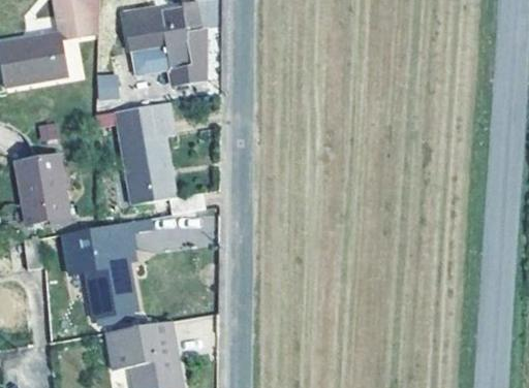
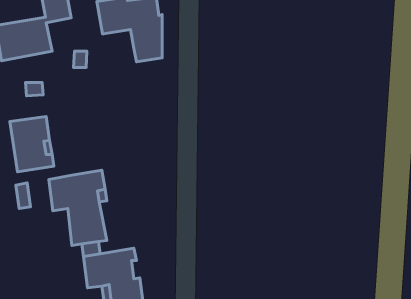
building: [132,46,170,75] -> none
building: [116,101,205,215] -> none

